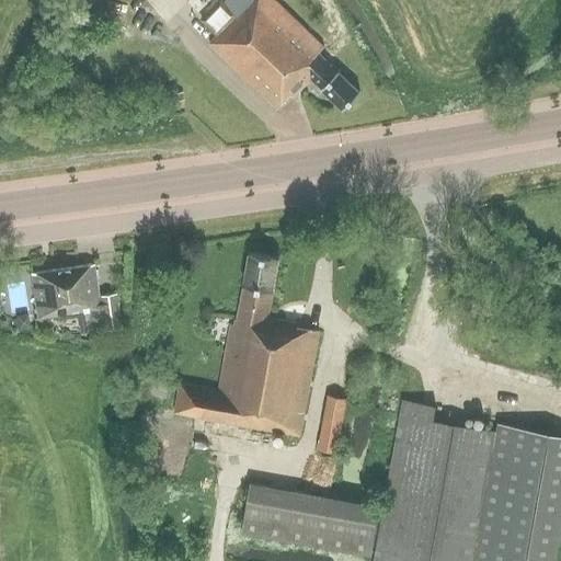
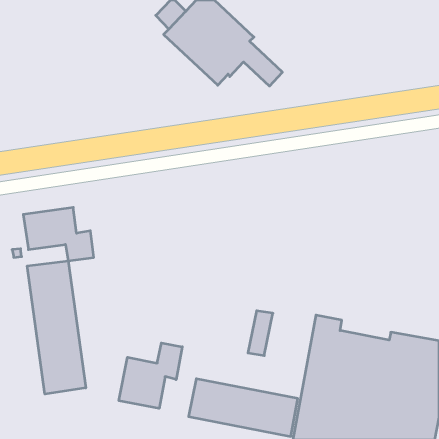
building: [174,253,319,436] -> none
building: none -> [27,261,86,394]
building: none -> [119,343,182,408]

